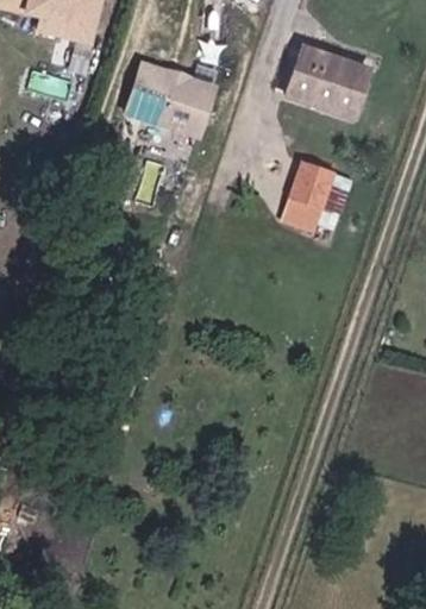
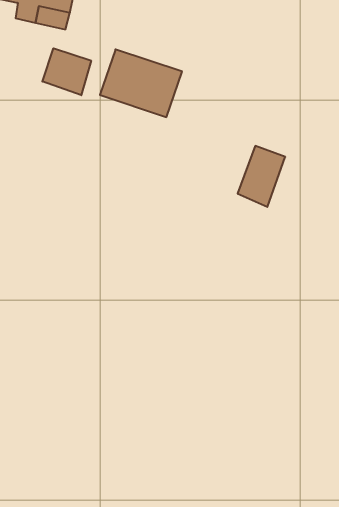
building: [294,51,368,119] -> none
building: none -> [42,48,91,95]

